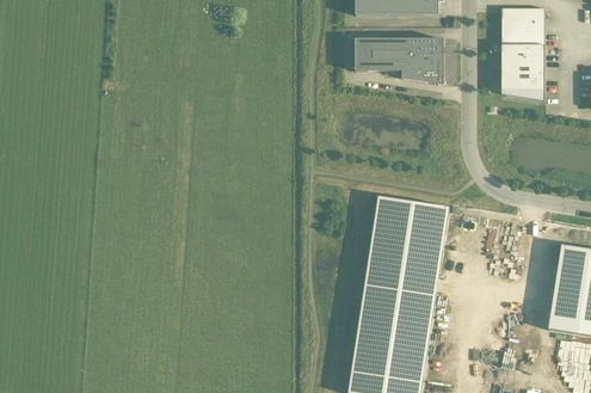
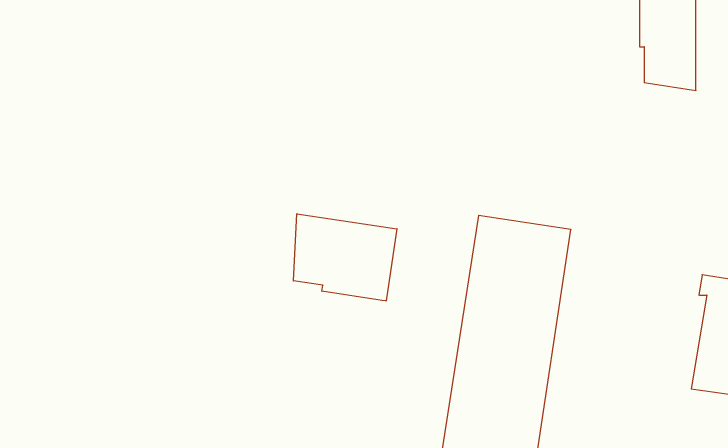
building: [355,38,443,85] -> none
building: none -> [293,214,397,301]

